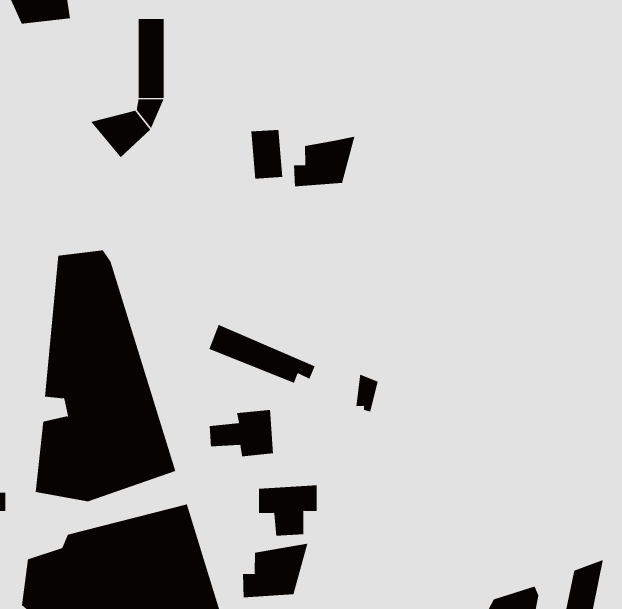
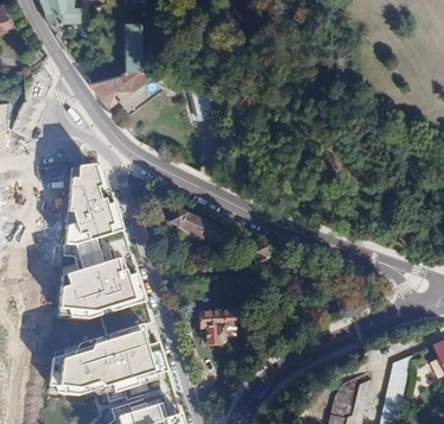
building: [294,136,355,187] -> none
building: [209,409,273,457] -> none
building: [242,543,308,598] -> none

